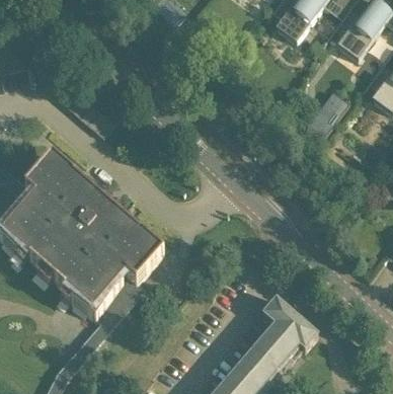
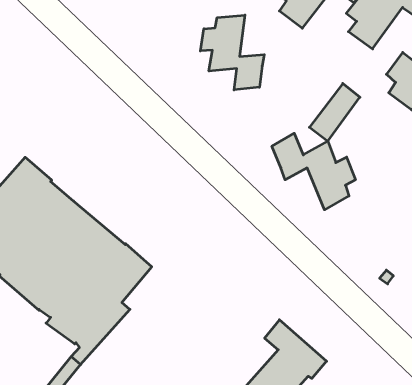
building: none -> [200,15,264,90]
building: none -> [272,133,355,210]

